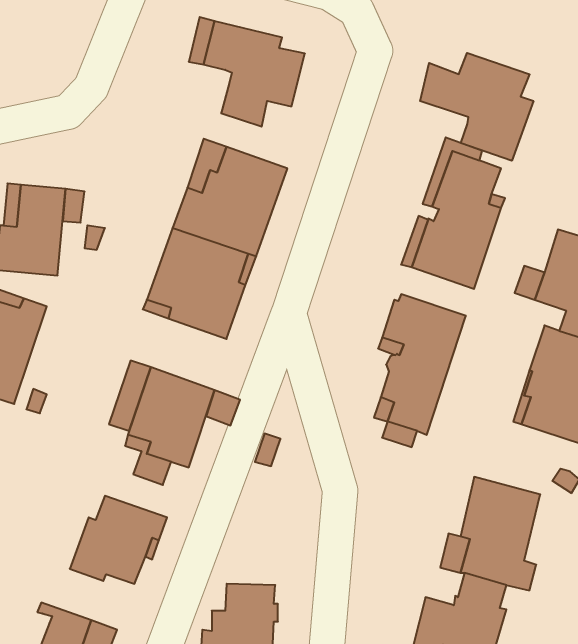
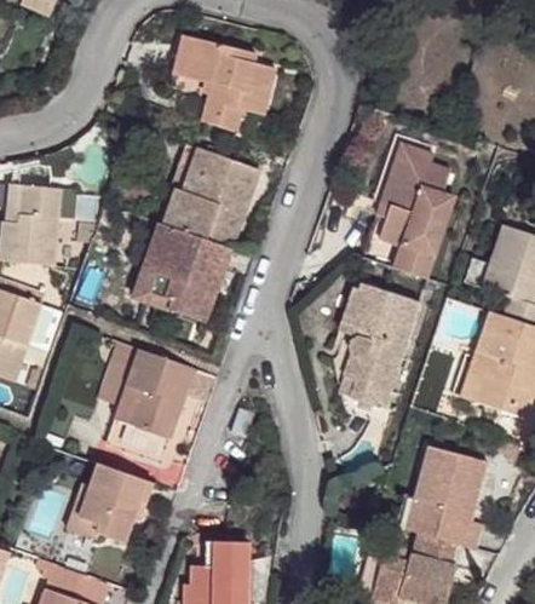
building: [420,53,533,161] -> none

